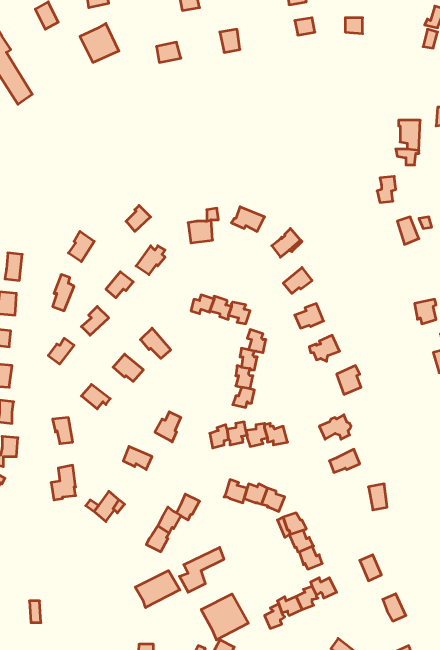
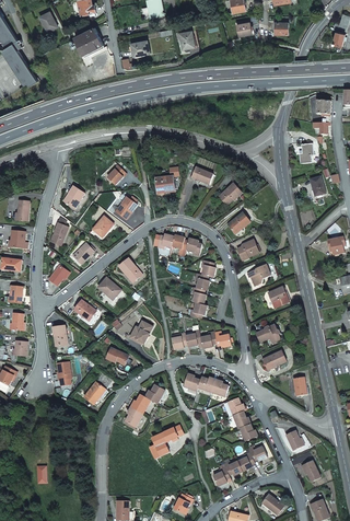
building: [135,571,180,608] -> none
building: [201,594,248,640] -> none

